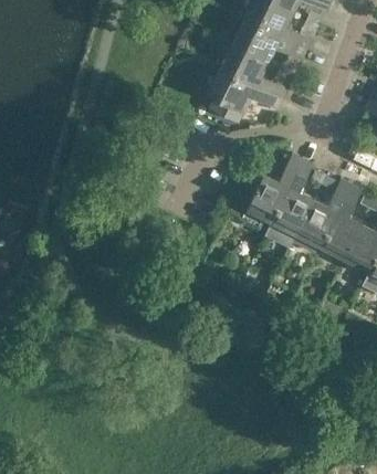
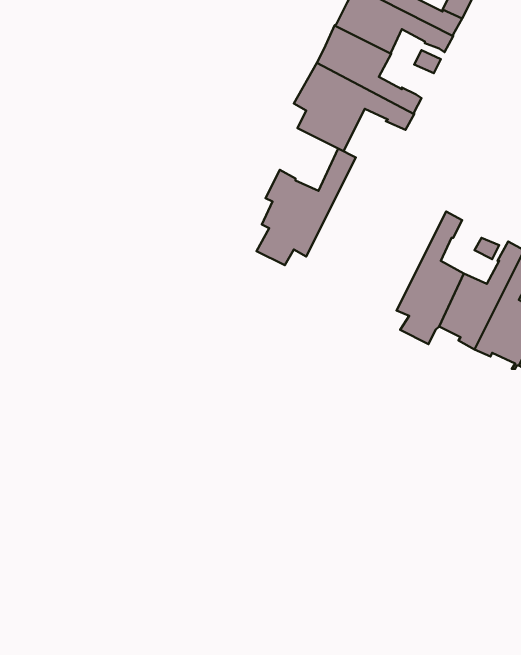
building: [241,155,303,228] -> [257,149,356,265]

